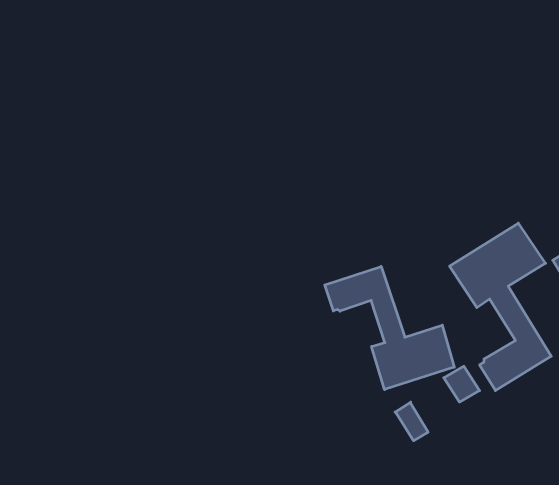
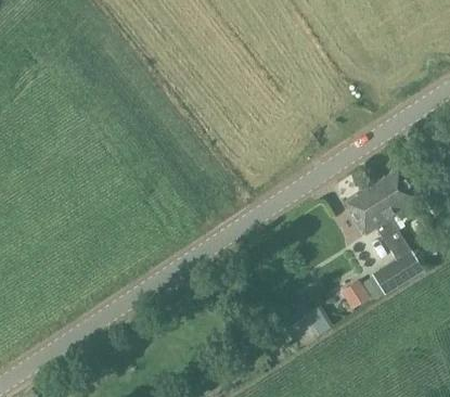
building: [325,266,454,390] -> none

